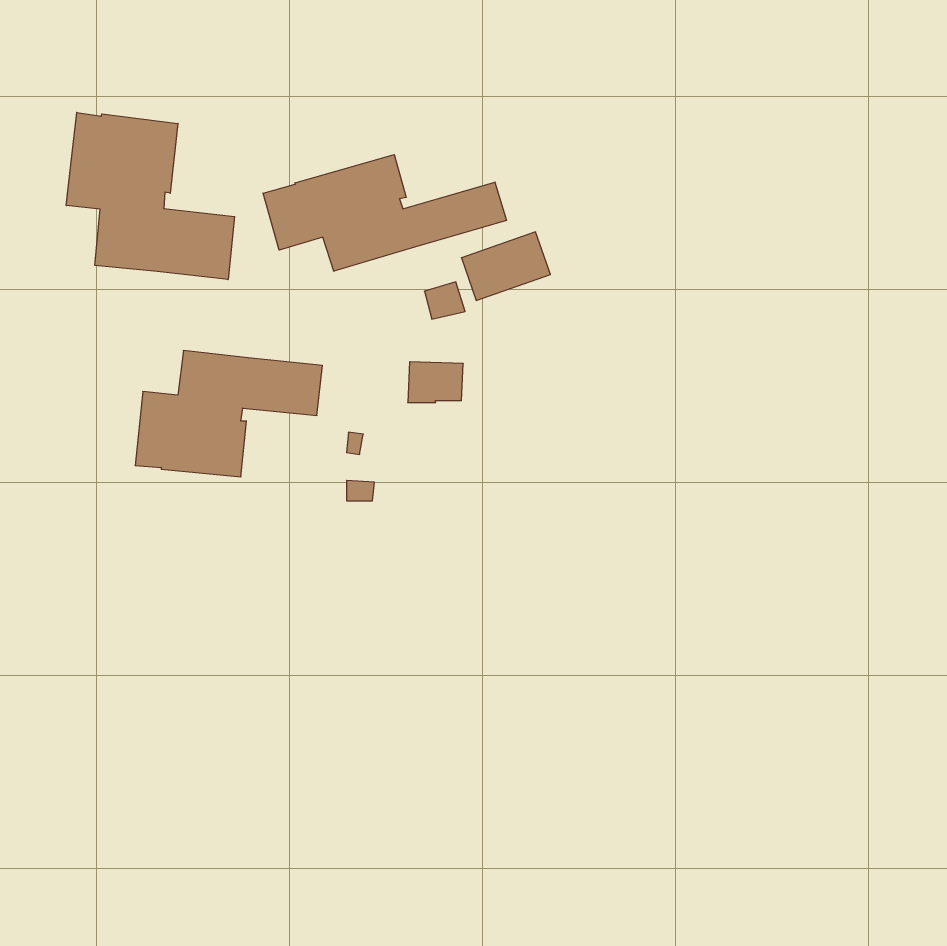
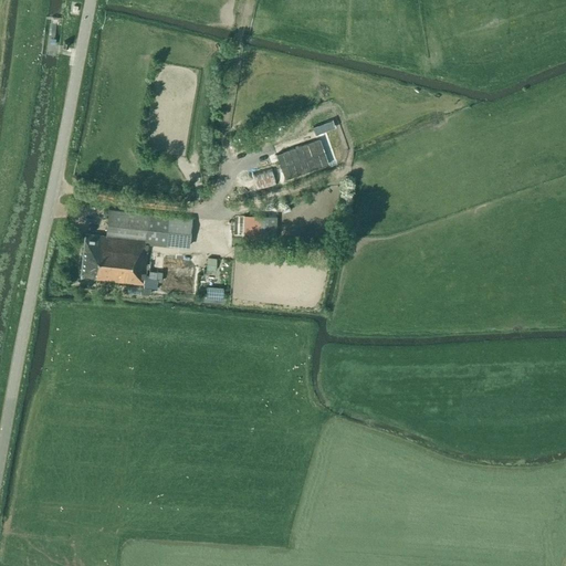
building: [66,112,235,280] -> none
building: [263,155,507,271] -> none

